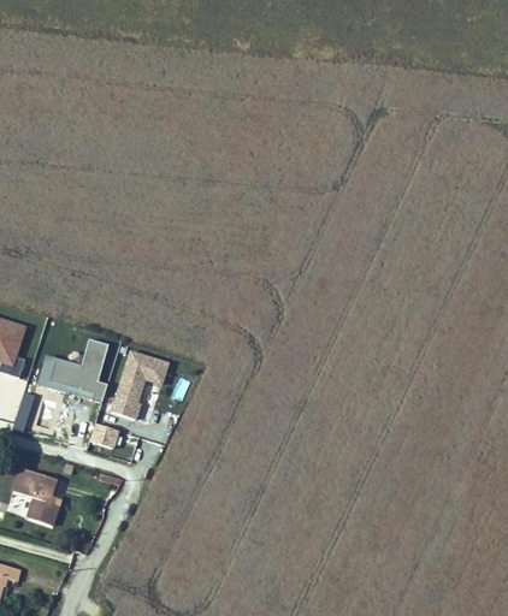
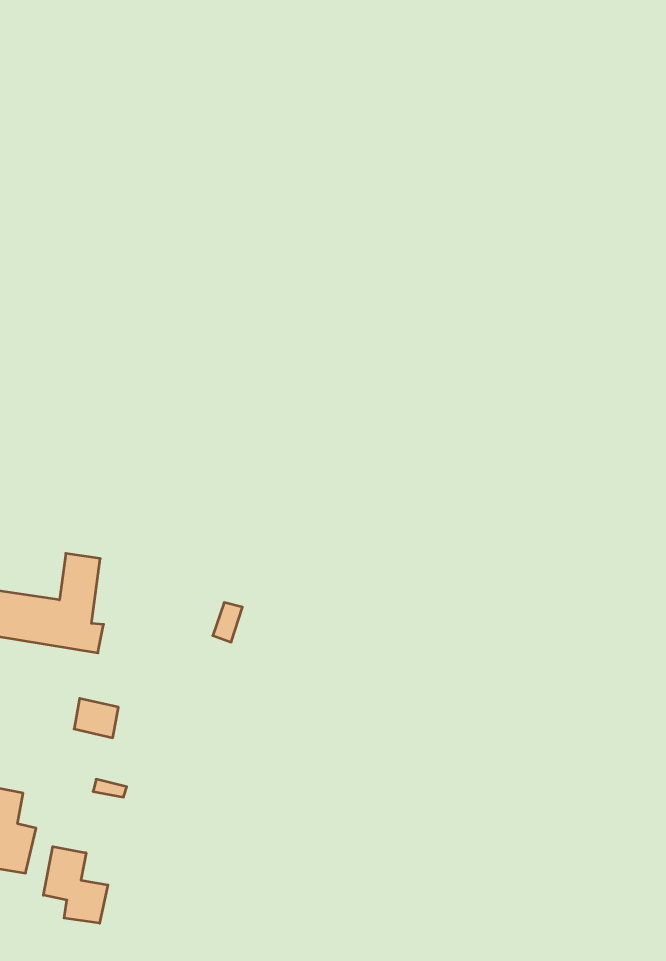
building: [107,354,164,419] -> none
building: none -> [43,847,108,923]

